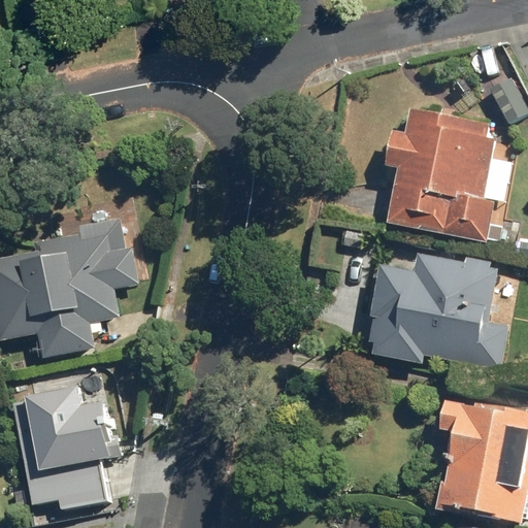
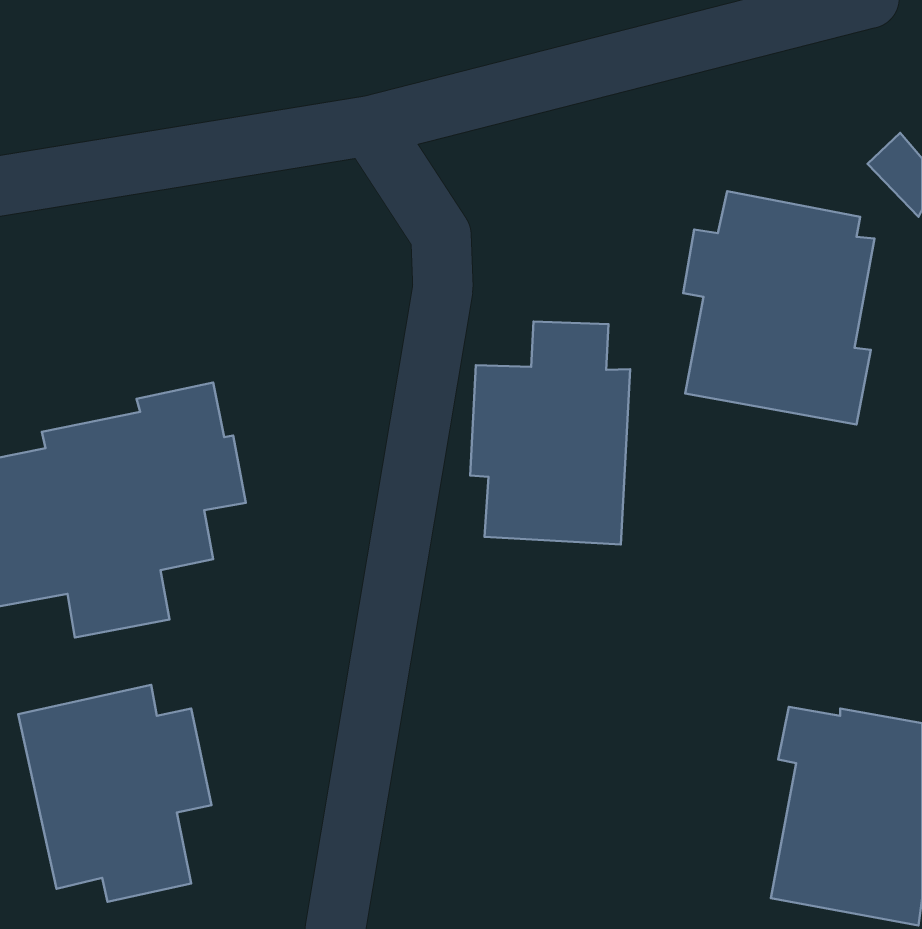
building: none -> [470,321,630,544]
building: [365,254,506,367] -> none

